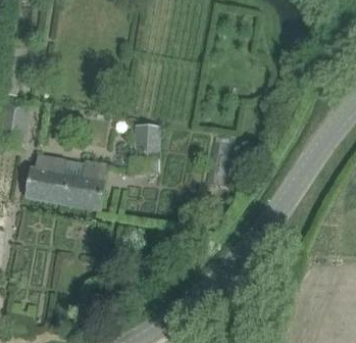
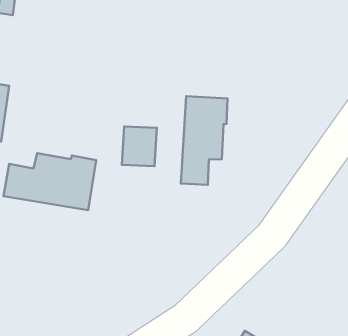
building: none -> [181,96,228,185]

